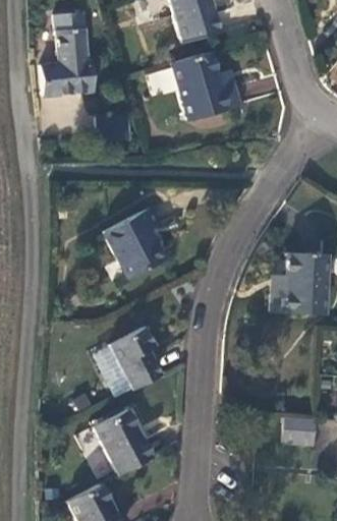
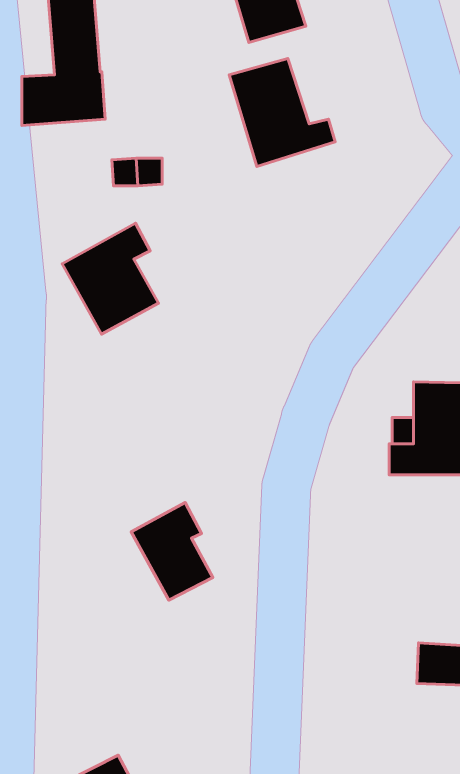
building: [104,210,164,279] -> [62,223,158,334]
building: [95,412,152,476] -> none

